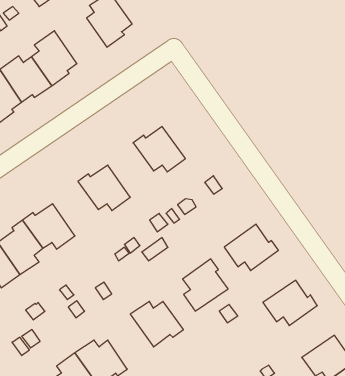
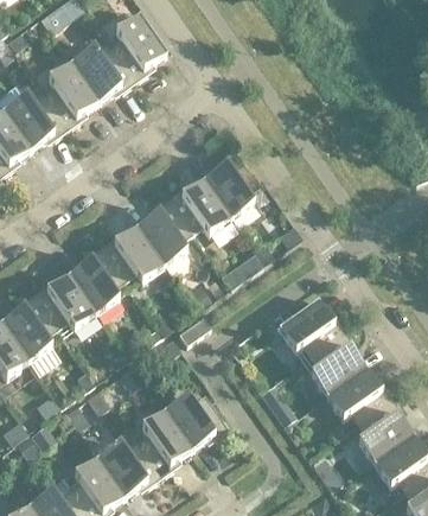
building: none -> [69,45,133,102]
building: none -> [200,151,257,218]
building: none -> [134,199,192,276]
building: none -> [66,247,122,313]
building: [183,259,228,311] -> [308,331,364,395]
building: none -> [356,399,411,463]
building: none -> [134,409,190,477]

